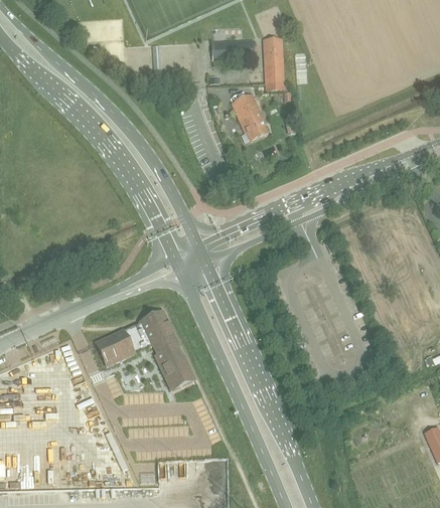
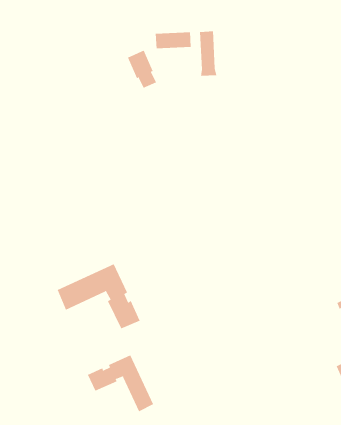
building: [232,93,267,138] -> [127,50,157,88]
building: none -> [87,354,154,412]

